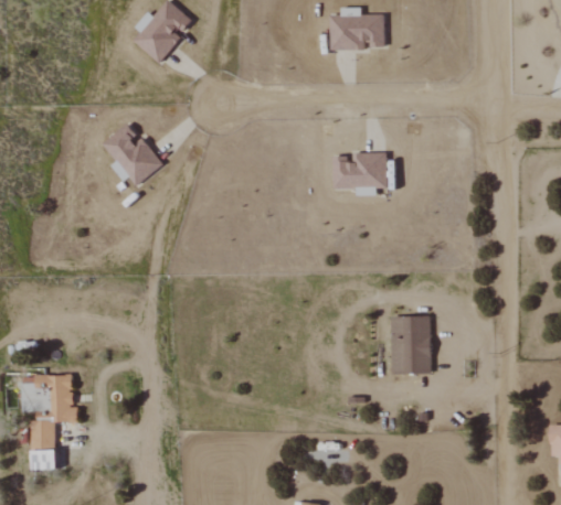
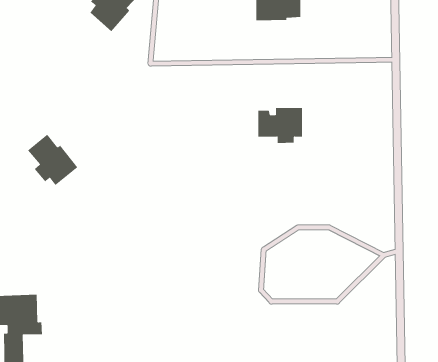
building: [104,123,165,185] -> [27,134,78,186]
building: [392,315,432,374] -> none

